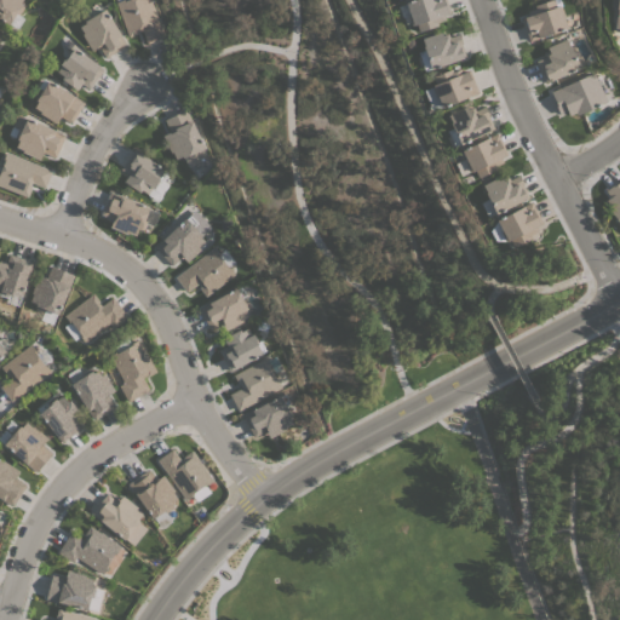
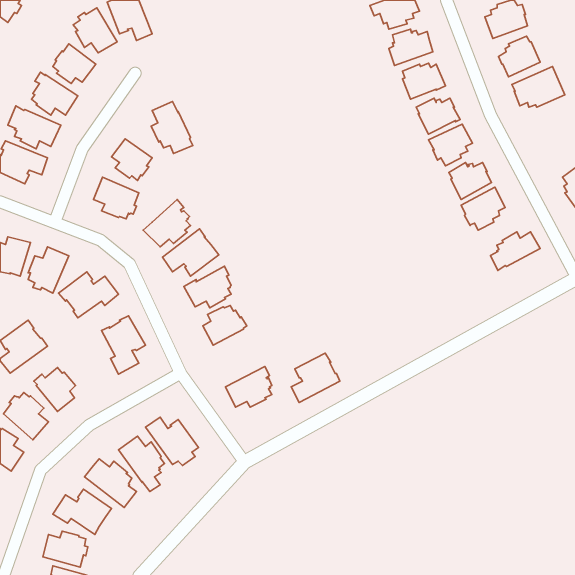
building: none -> [490,232,540,270]
building: [230,358,282,412] -> [291,353,340,403]
building: [71,369,115,421] -> none

